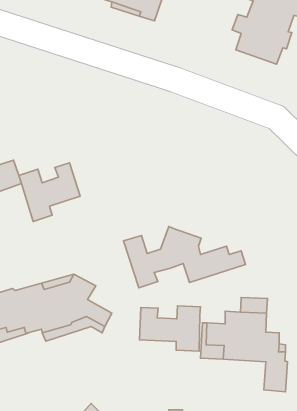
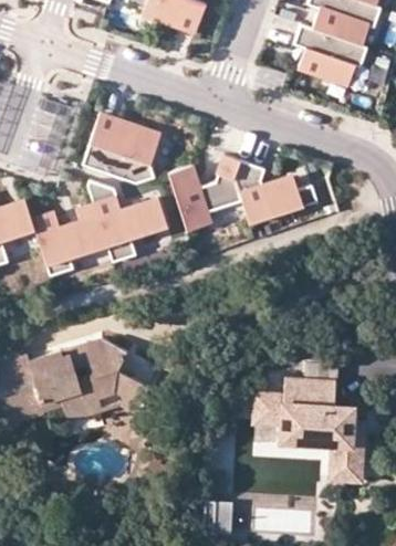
building: none -> [83,113,160,182]
building: none -> [87,179,169,261]
building: [124,226,246,288] -> [169,154,319,229]
building: [139,306,200,351] -> none

